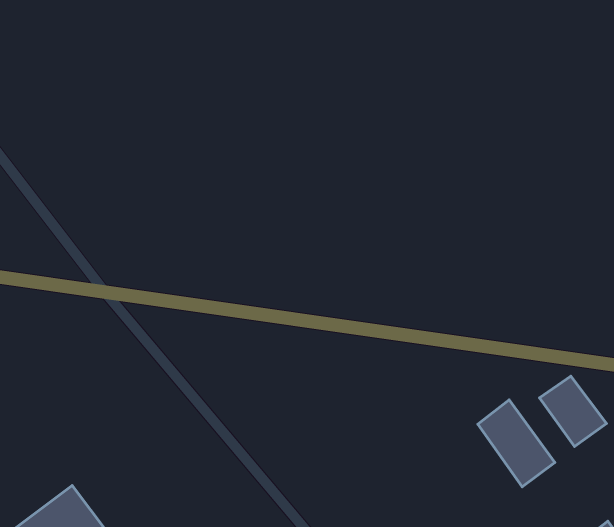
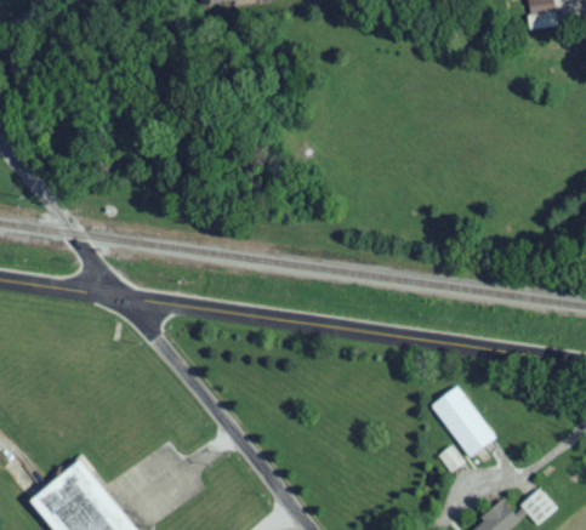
building: [539,376,606,446] -> none

